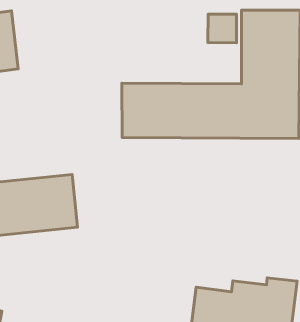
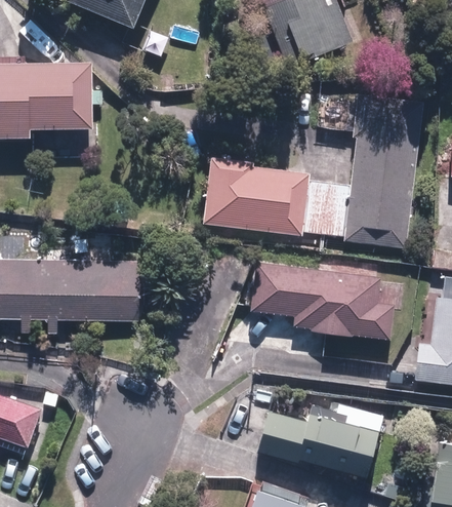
building: none -> [248,261,395,342]

